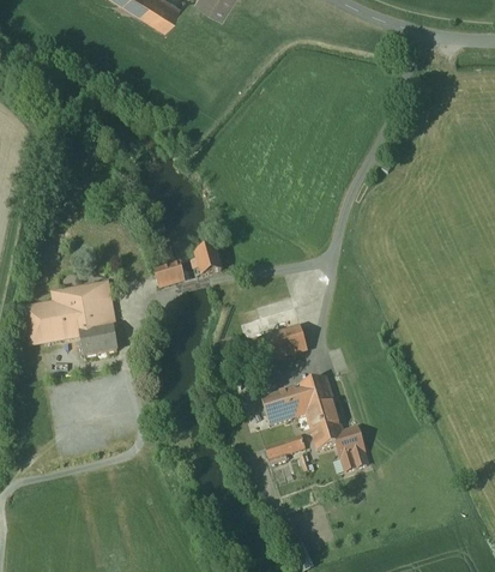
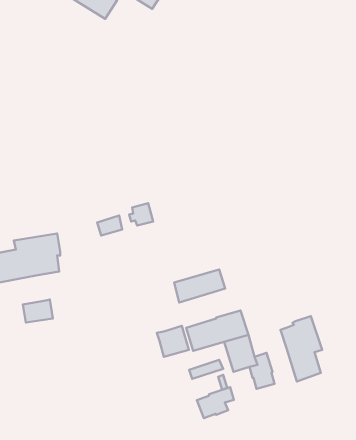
building: [82,329,117,356] -> [23,300,53,323]
building: none -> [281,316,322,381]
building: none -> [157,326,189,357]
building: none -> [197,387,234,418]

